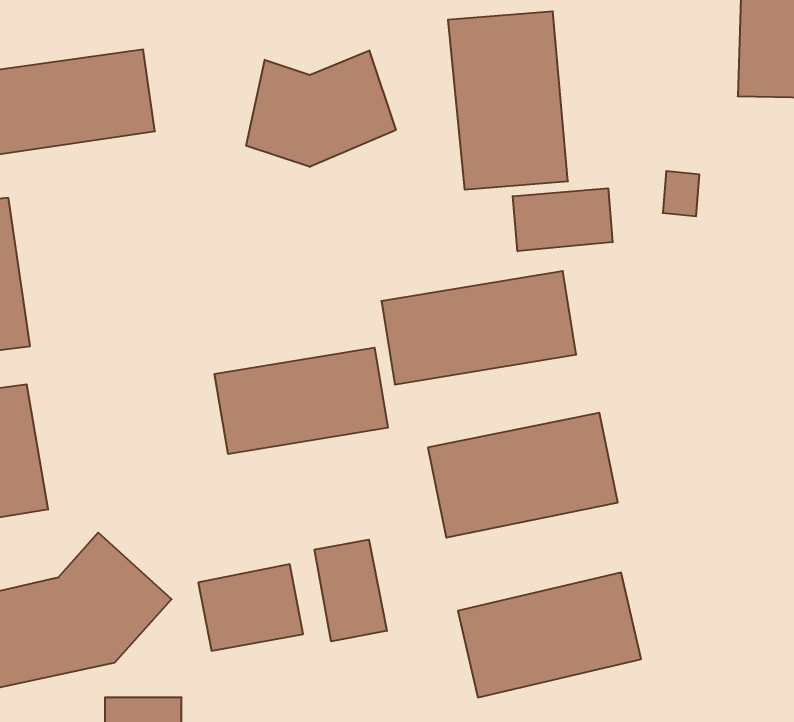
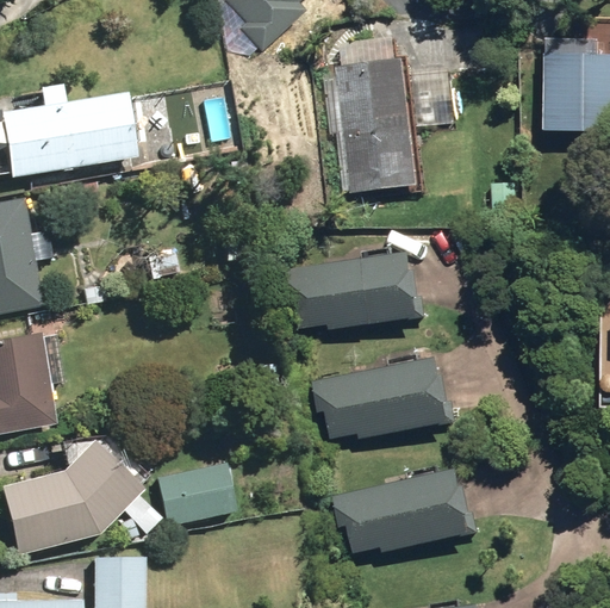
building: [246,50,396,167] -> none
building: [513,188,613,251] -> none
building: [215,348,388,454] -> none
building: [315,540,387,641] -> none

